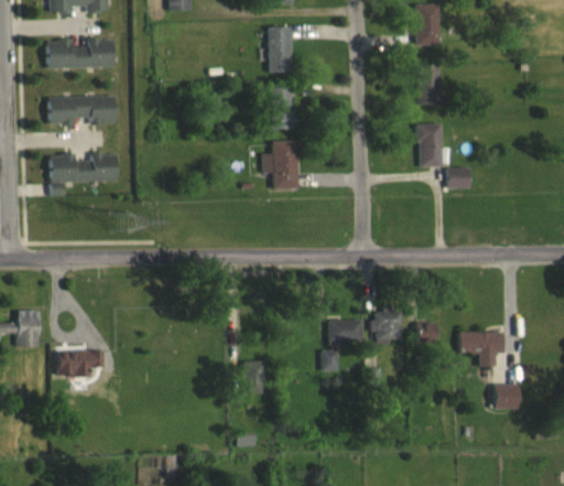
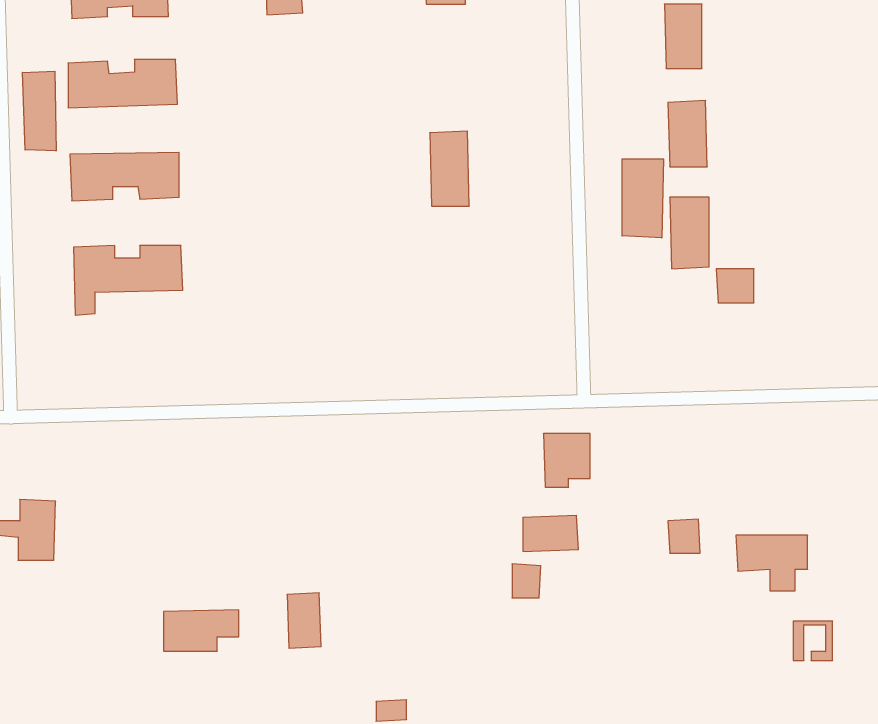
building: [268,26,291,73] -> none
building: none -> [22,71,56,151]
building: none -> [622,159,664,238]
building: [261,141,299,190] -> none
building: [372,312,401,345] -> [543,434,590,487]
building: [58,350,105,376] -> [164,610,239,651]
building: [243,360,264,395] -> [287,593,321,648]

